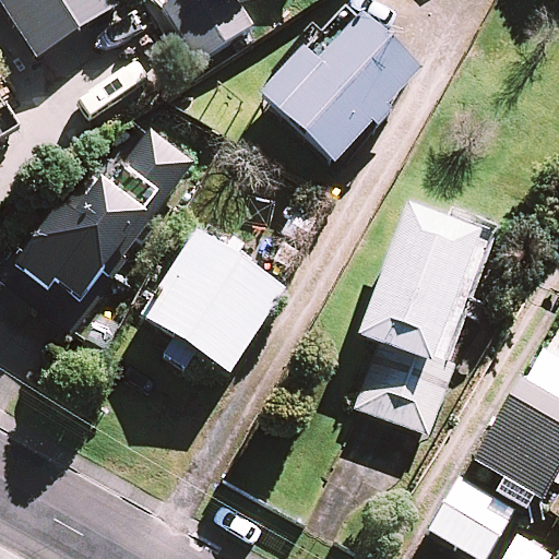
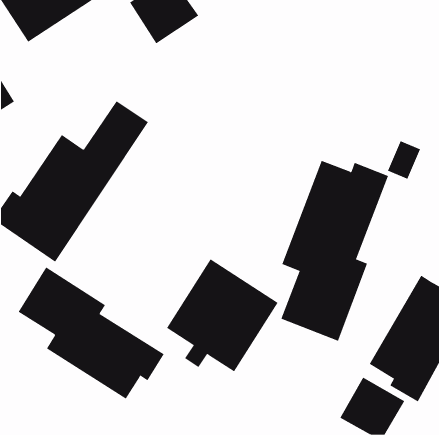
building: [259,12,420,162] -> none
building: [145,226,287,369] -> [166,259,279,372]
building: none -> [18,267,164,399]

